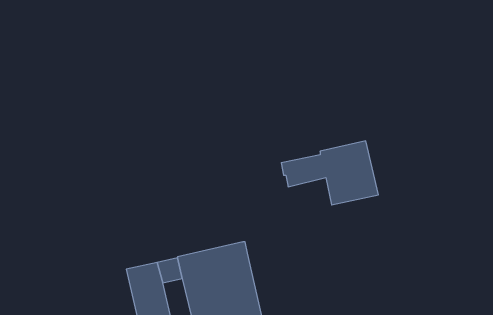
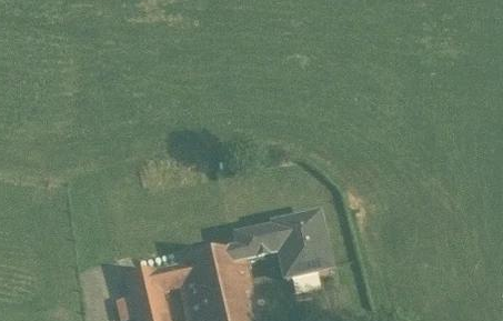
building: [281,141,378,205] -> [239,211,333,273]

